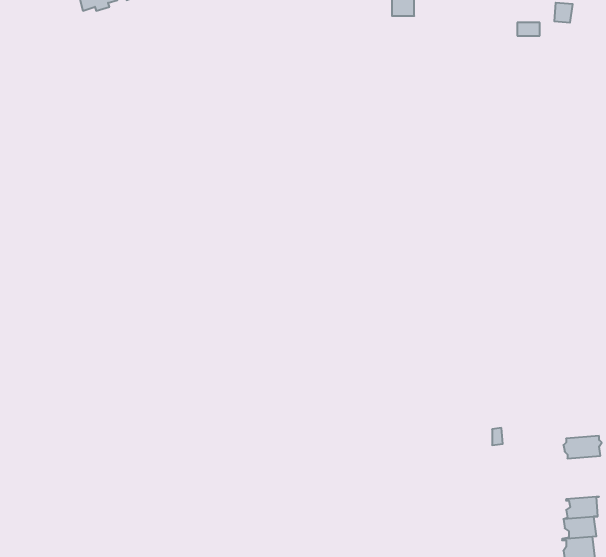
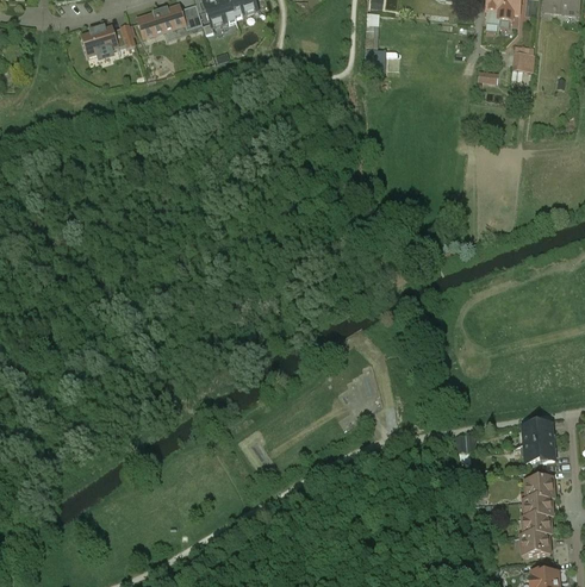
building: none -> [521,423,555,443]
building: none -> [524,475,554,498]

